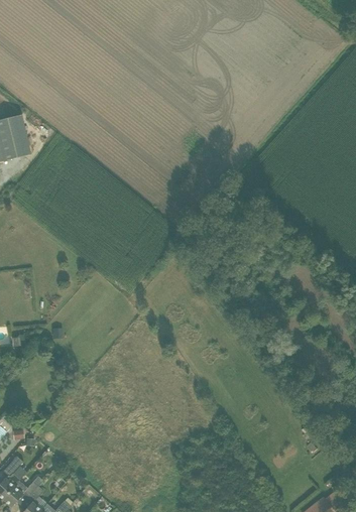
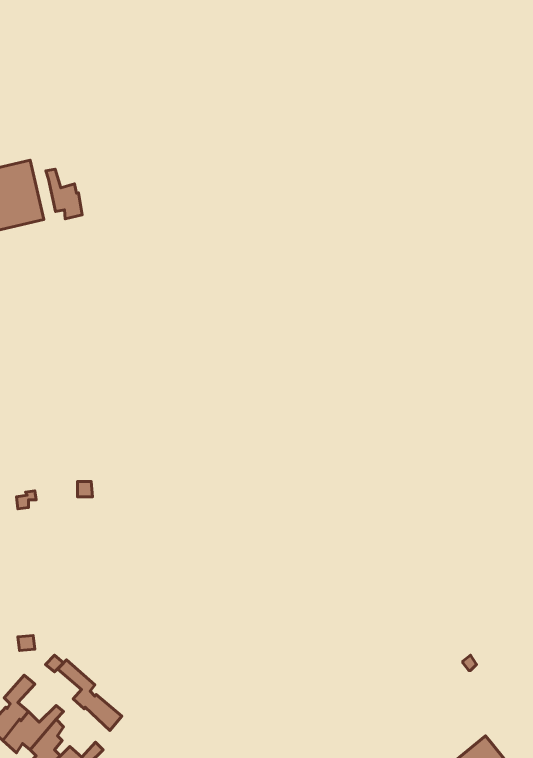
building: none -> [46,169,82,219]
building: none -> [58,660,122,730]

